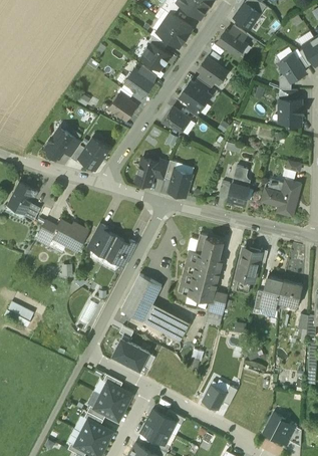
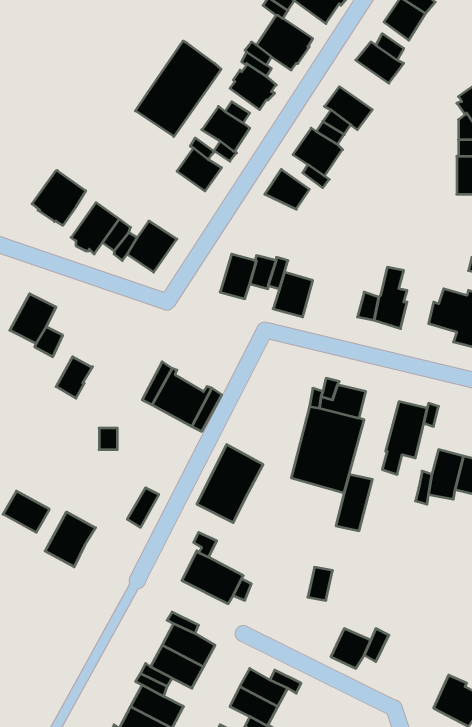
building: none -> [135,41,221,137]
building: none -> [32,170,86,225]
building: [51,220,87,252] -> none
building: [142,303,189,340] -> none
building: none -> [45,512,96,567]

